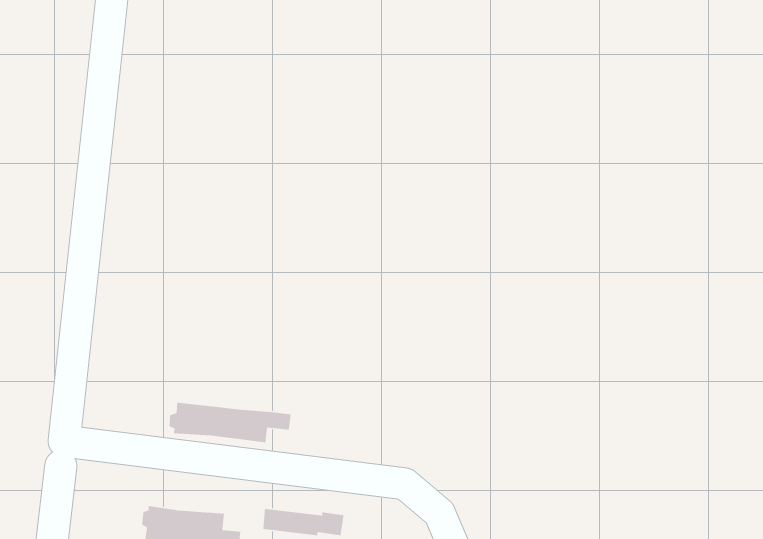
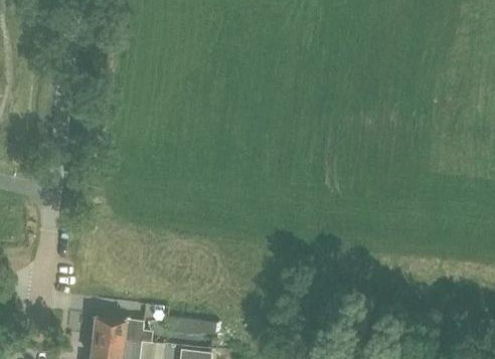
building: [168,402,292,443] -> none

